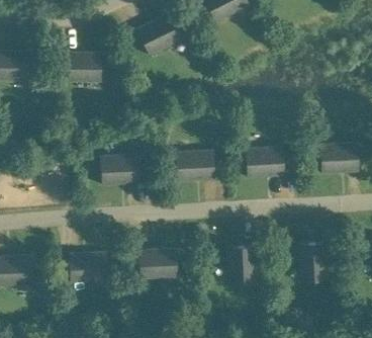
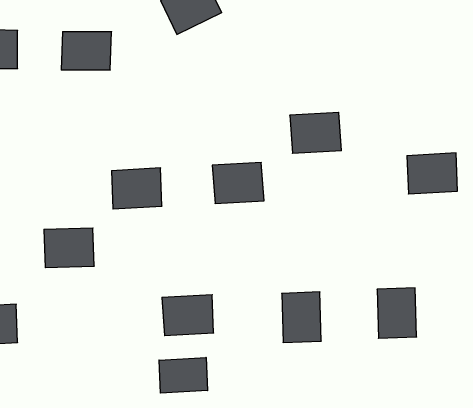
building: [247,148,285,178] -> [290,112,341,153]
building: [71,253,108,282] -> [44,228,94,268]
building: none -> [159,357,208,393]

